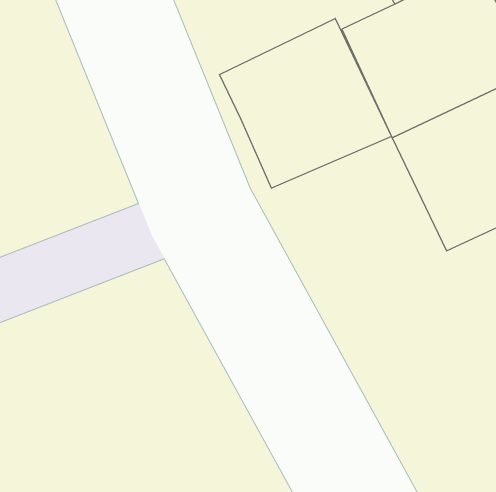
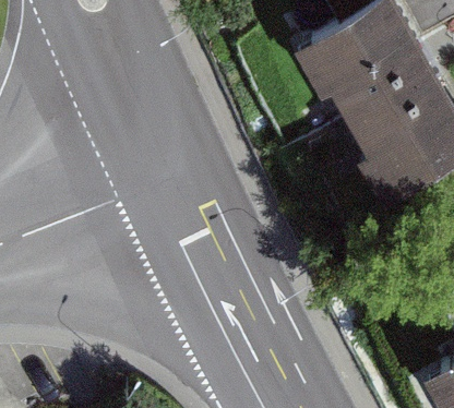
building: [220,18,391,188] -> none

